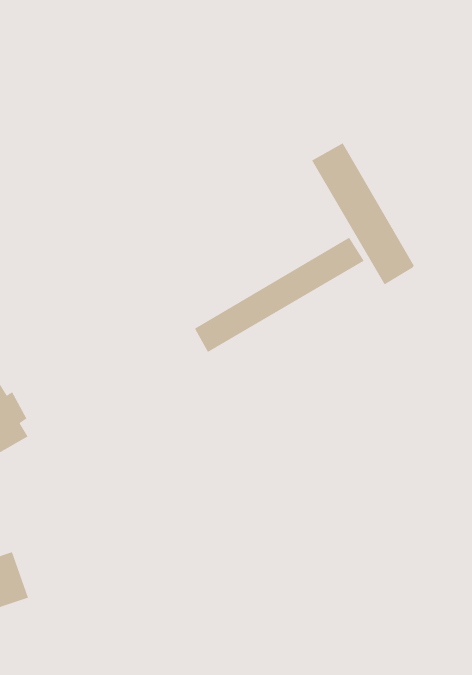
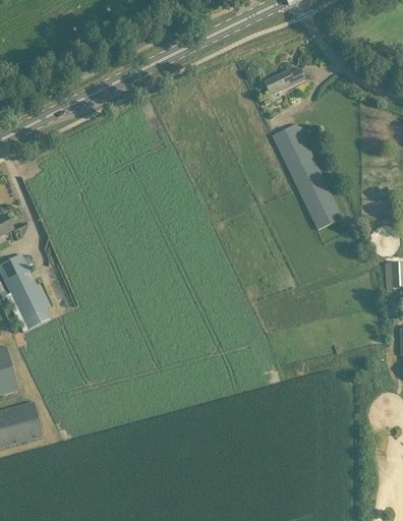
building: none -> [264,67,305,95]
building: [195,237,364,353] -> none

